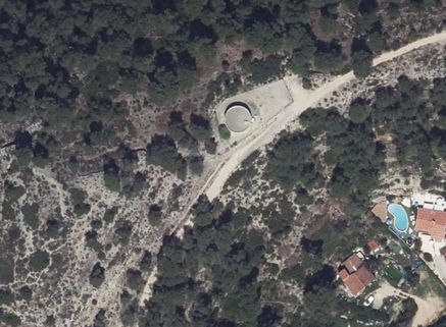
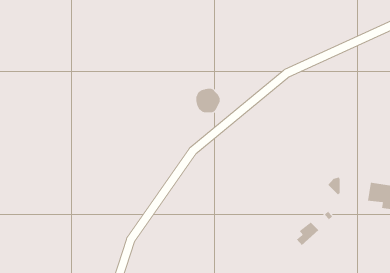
building: [343,262,374,291] -> none

